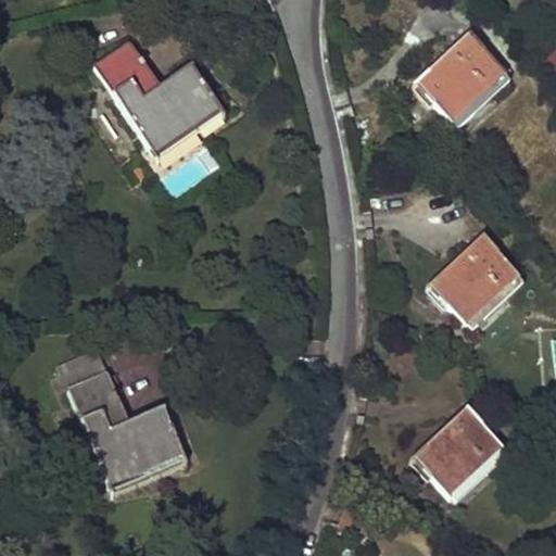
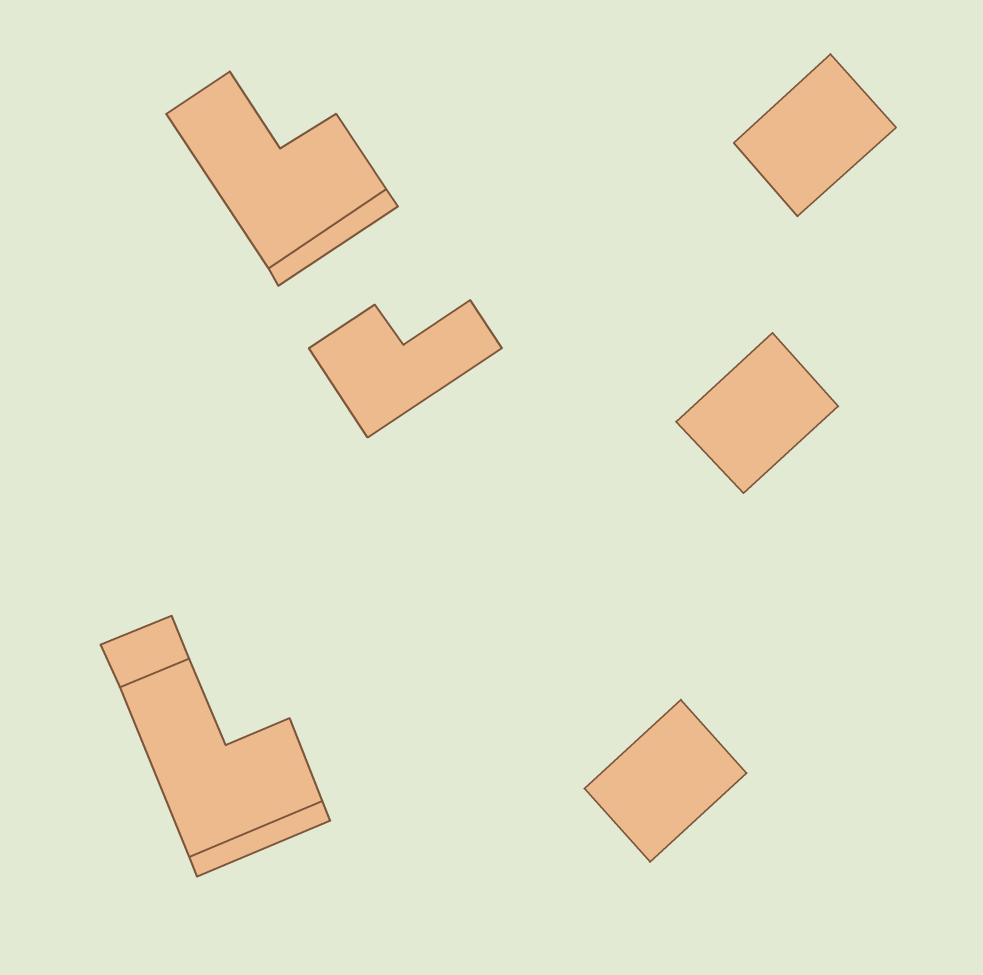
building: none -> [309,300,502,437]
building: [428,233,519,324] -> [676,333,838,493]
building: [413,404,504,495] -> [584,700,747,862]

